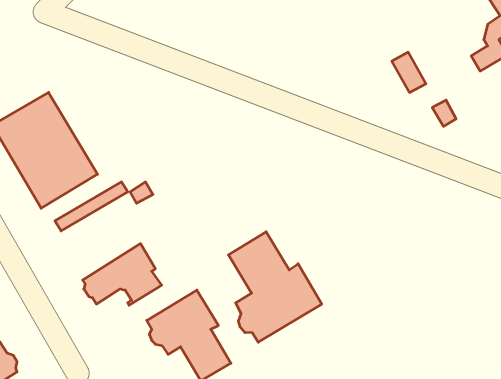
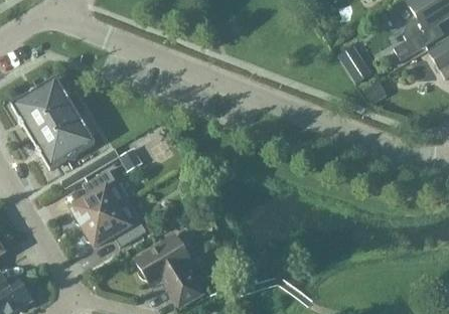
building: none -> [70,169,129,227]
building: [228,232,322,342] -> none

